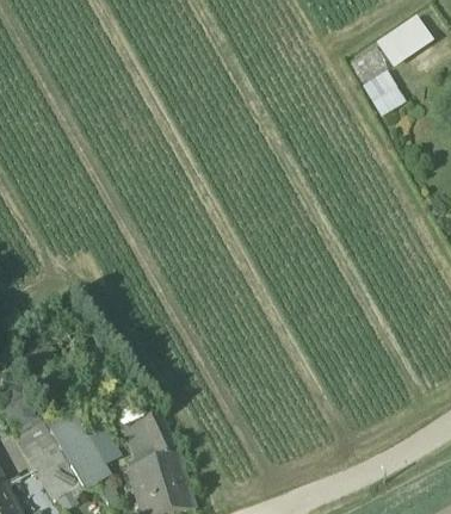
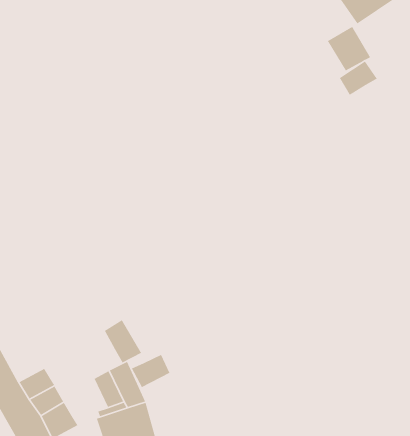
building: none -> [339,61,378,96]
building: none -> [131,354,170,388]
building: [84,421,123,466] -> [103,319,142,364]

